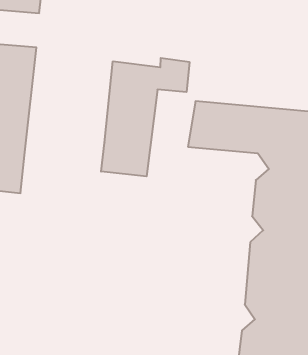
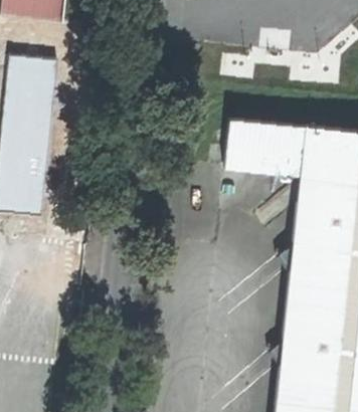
building: [101,58,189,176] -> none

